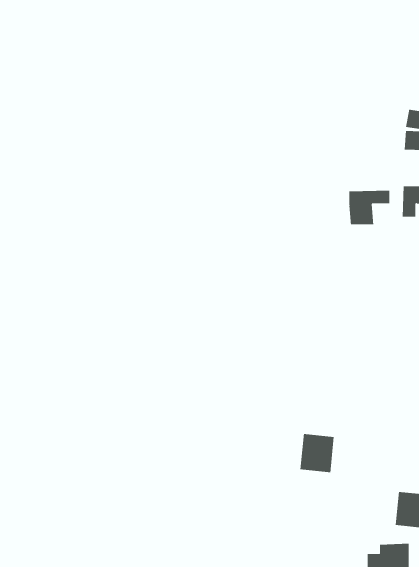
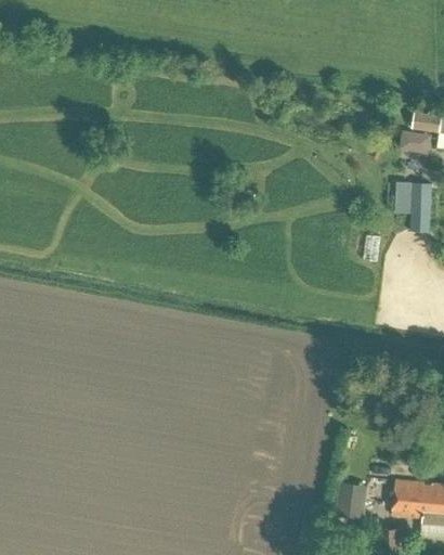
building: [349,190,390,225] -> none
building: [300,433,334,473] -> [334,483,367,521]

